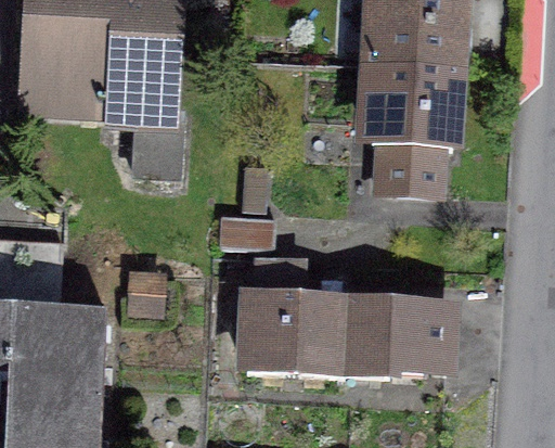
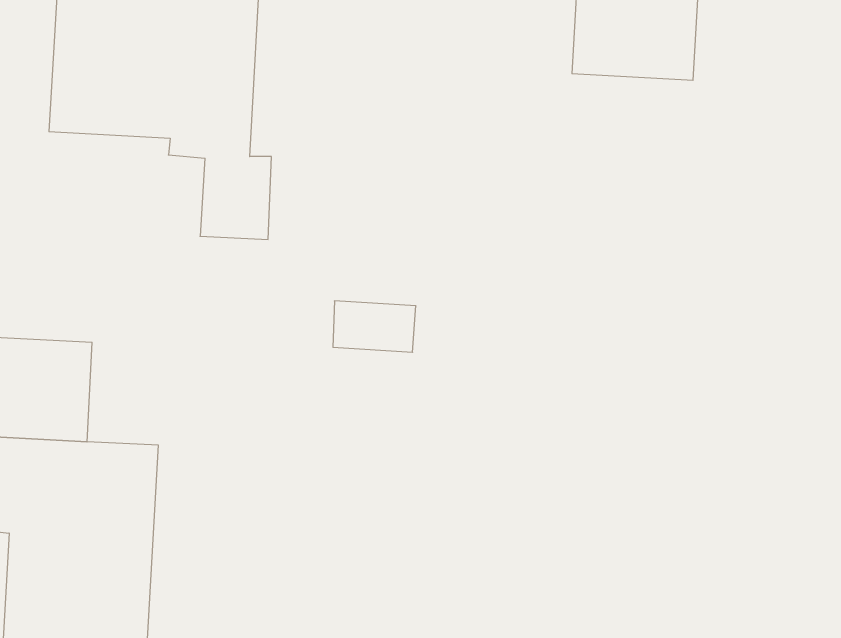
building: [372,68,455,196] -> none
building: [246,258,447,376] -> none

